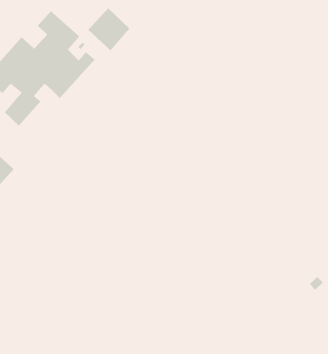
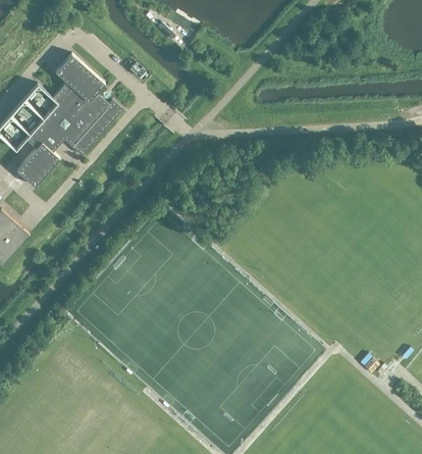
building: [88,7,130,51] -> none

